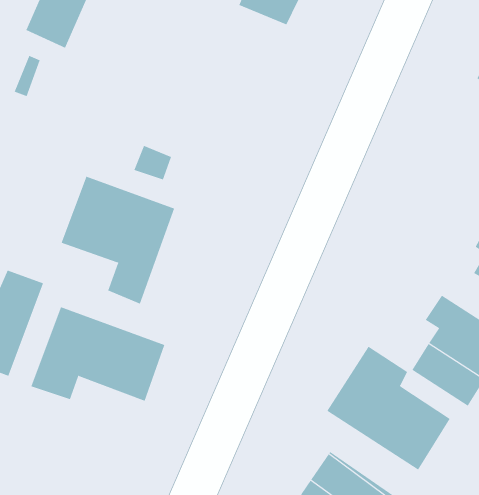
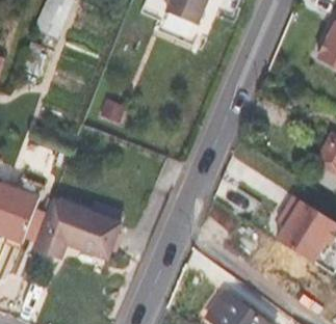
building: [61,176,175,304] -> none
building: [326,346,450,470] -> none

